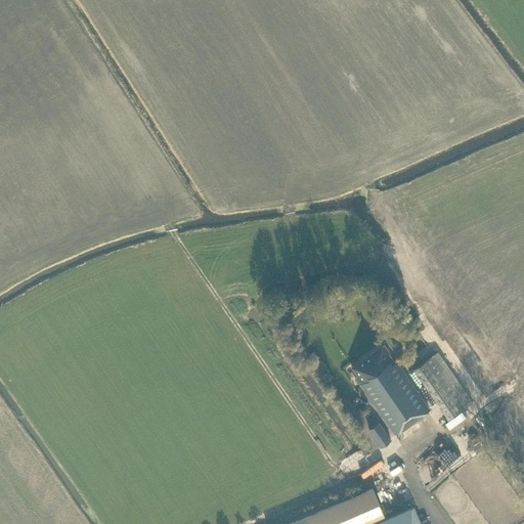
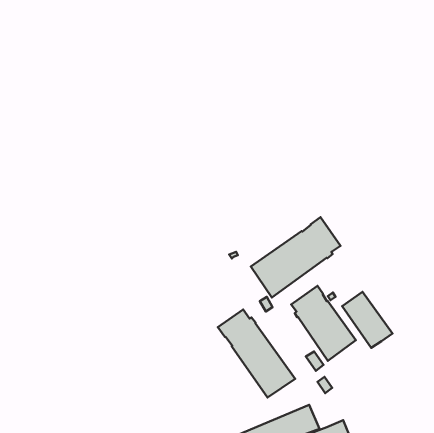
building: none -> [251,217,340,298]
building: none -> [218,309,295,398]

